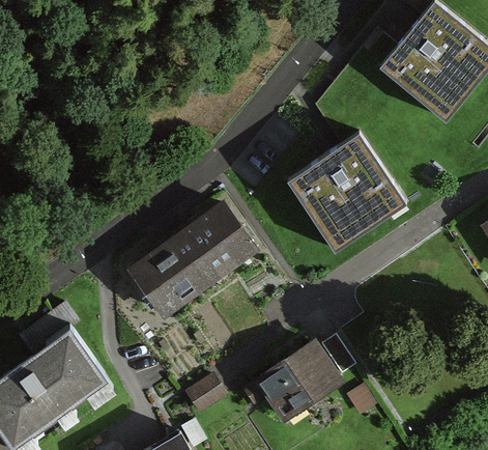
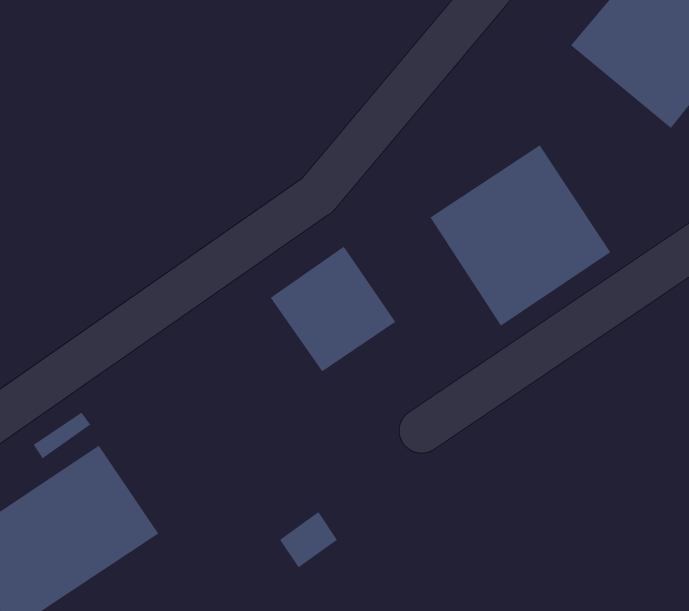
building: [132,232,214,315] -> none
building: [253,342,341,425] -> none

